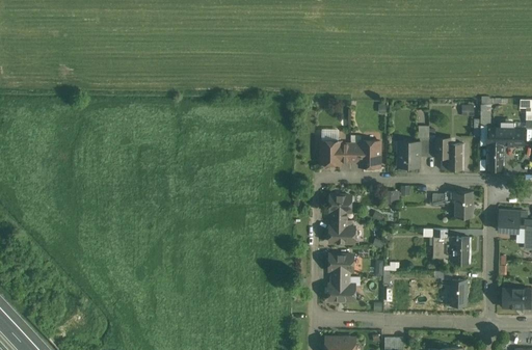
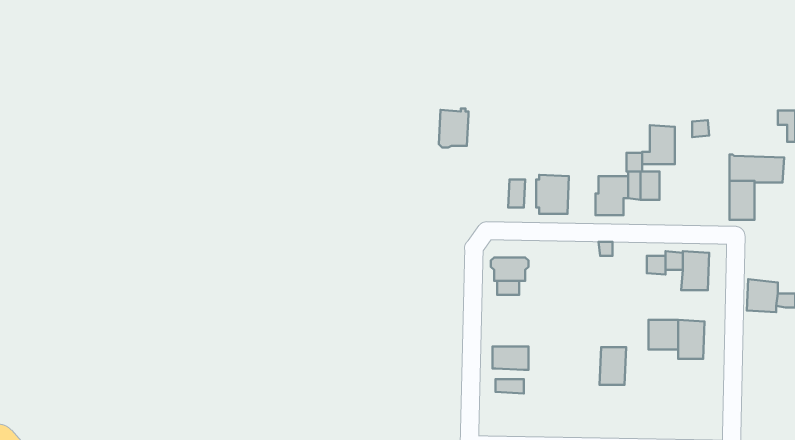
building: [320,139,340,165] -> [439,108,469,147]
building: [441,143,462,169] -> [642,125,675,164]
building: [328,226,354,242] -> none
building: [449,280,467,305] -> [600,347,626,385]
building: [327,285,354,300] -> none
building: [502,288,524,307] -> none

